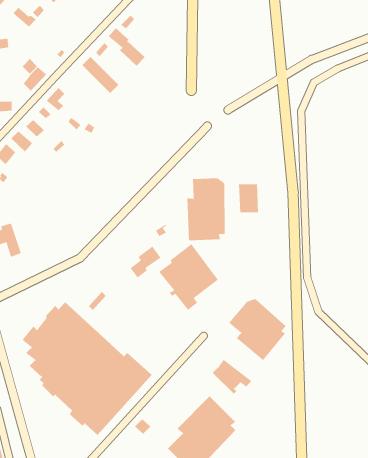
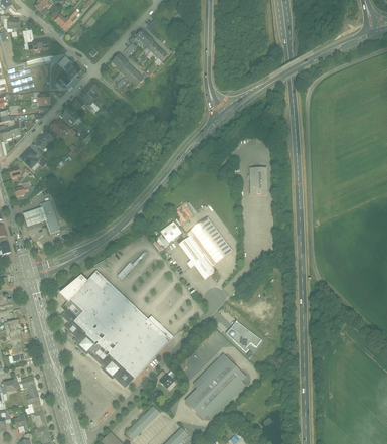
building: [186,178,226,241] -> none
building: [228,298,286,361] -> none

